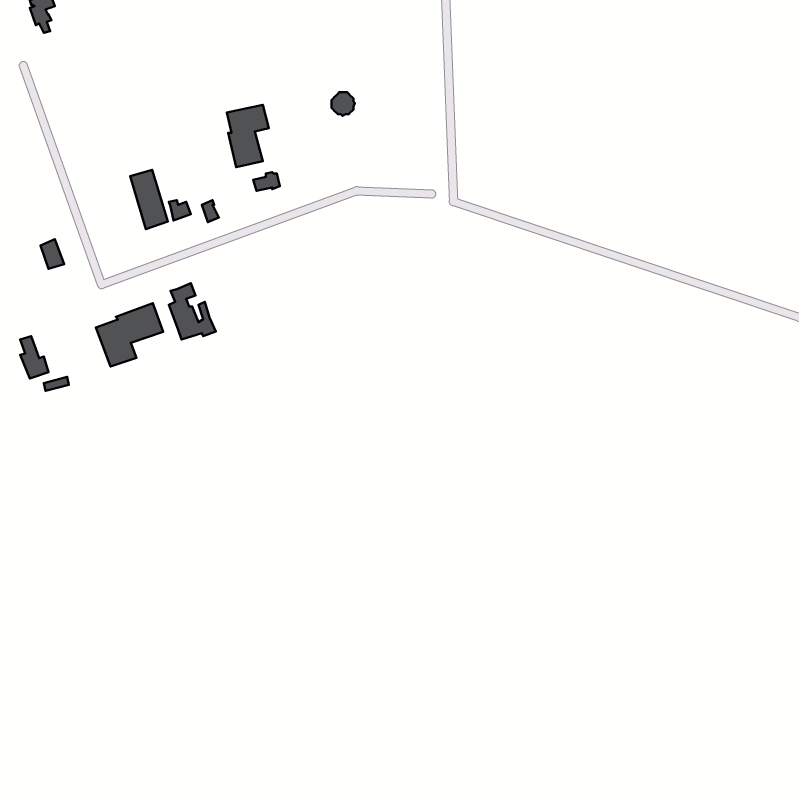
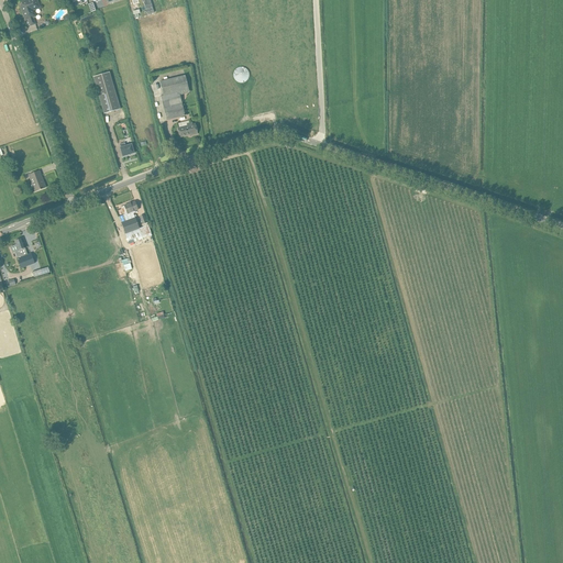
building: [130,170,168,229] -> [93,70,120,112]
building: [96,303,163,366] -> none

